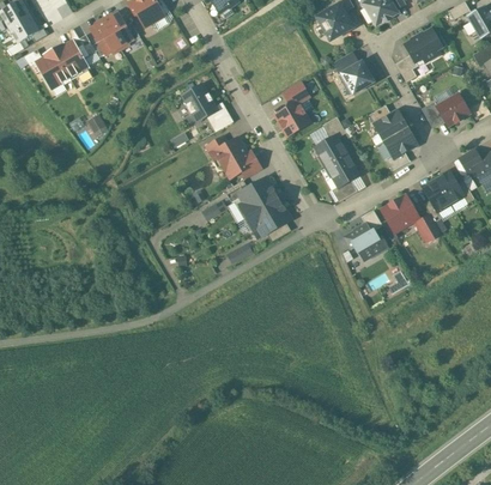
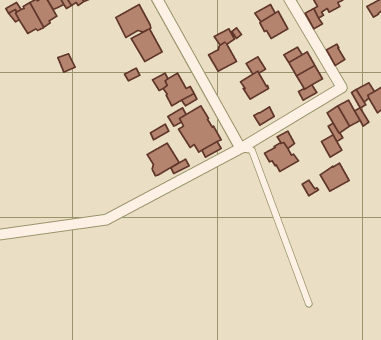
building: none -> [116,4,151,38]
building: [436,92,469,125] -> none
building: [327,156,359,186] -> none
building: [382,195,418,230] -> [320,163,349,191]
building: none -> [147,143,179,176]

